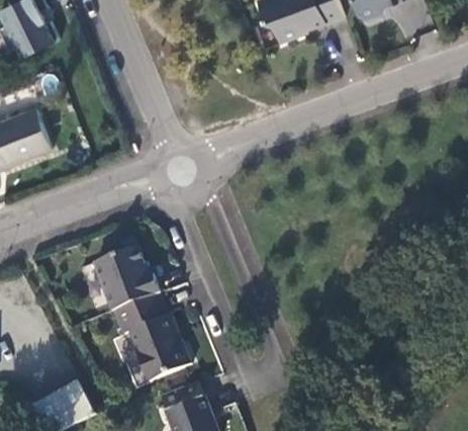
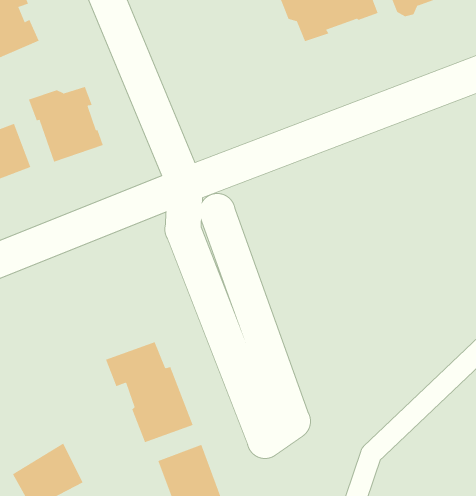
building: none -> [28,86,104,163]
building: [92,246,160,311] -> none

